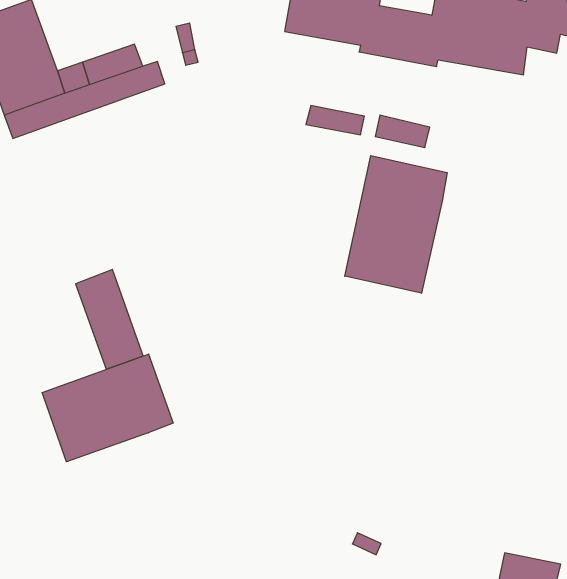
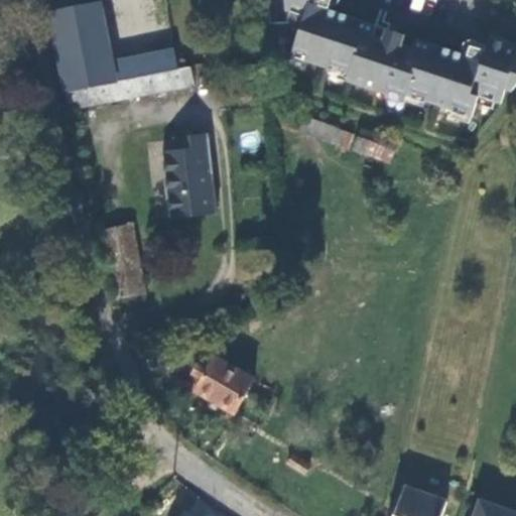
building: none -> [162,134,217,217]
building: [345,156,447,293] -> none
building: [42,354,173,462] -> none
building: none -> [195,356,254,412]

